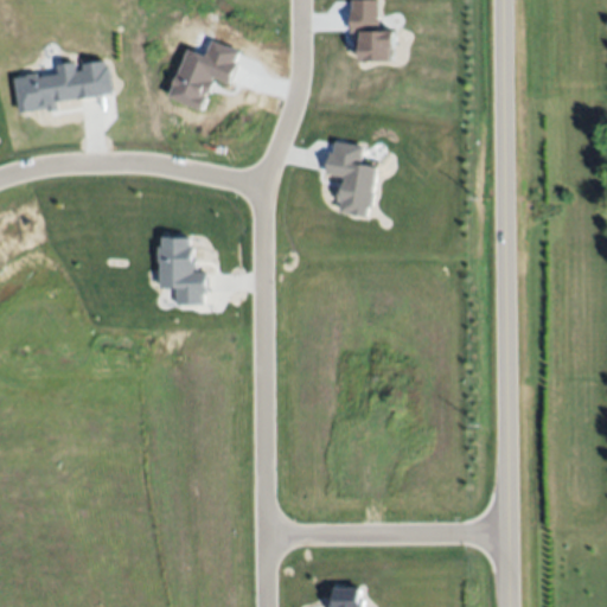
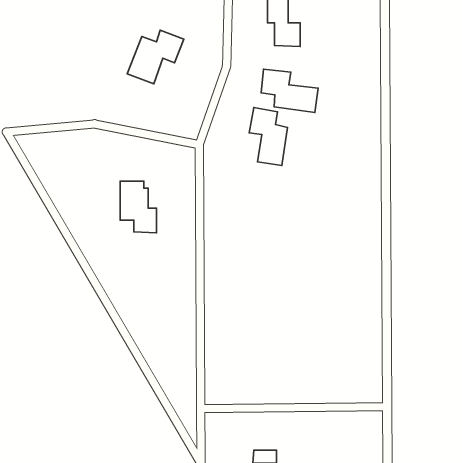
building: [12,60,110,111] -> none
building: none -> [261,69,318,113]

